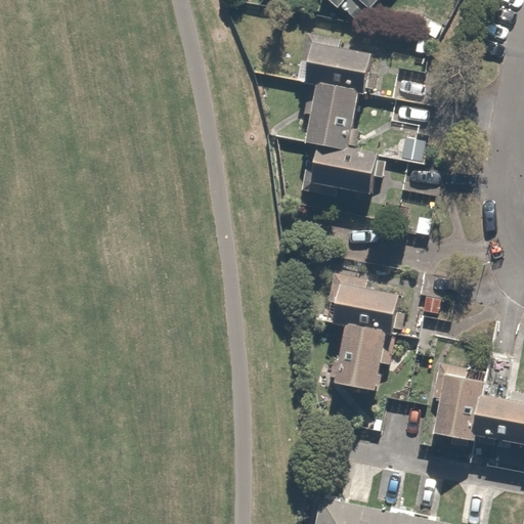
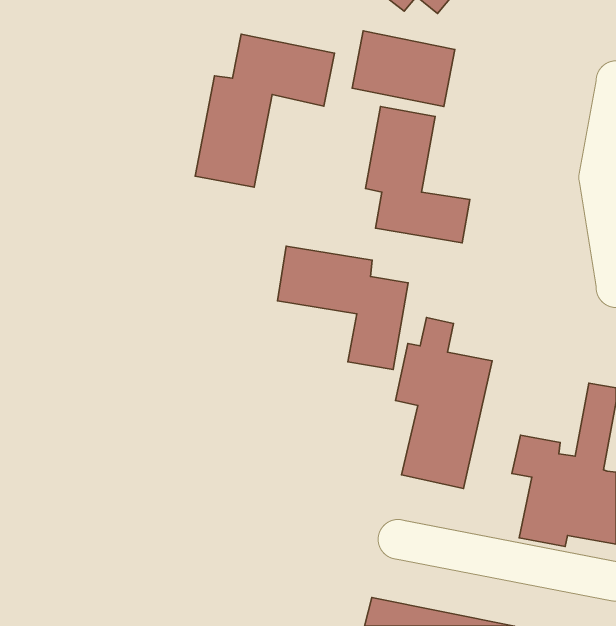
building: none -> [195,34,335,187]
building: none -> [278,246,408,370]

